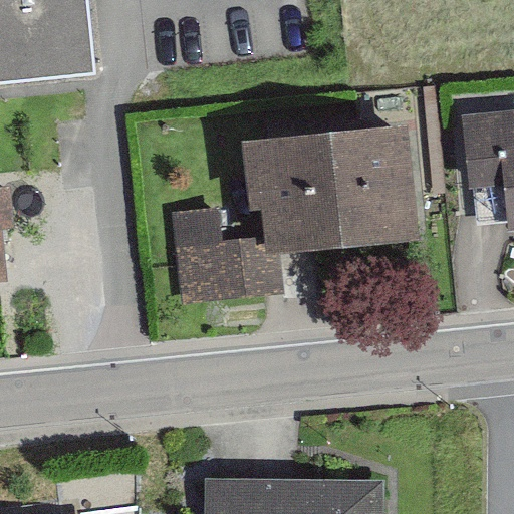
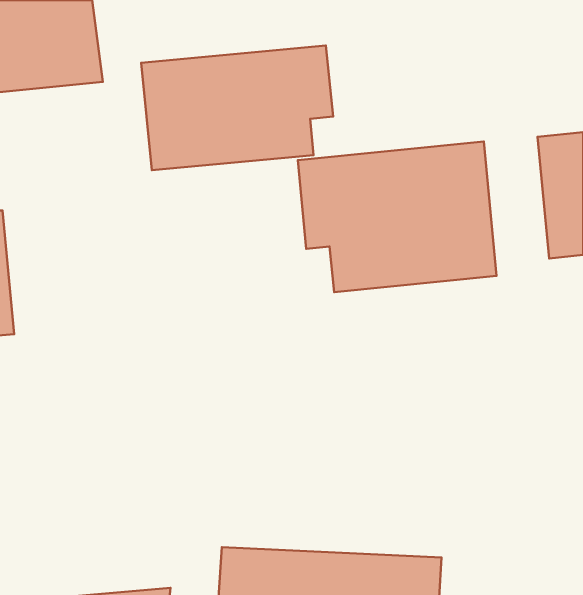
building: none -> [141,46,333,170]
building: [164,212,282,313] -> none

